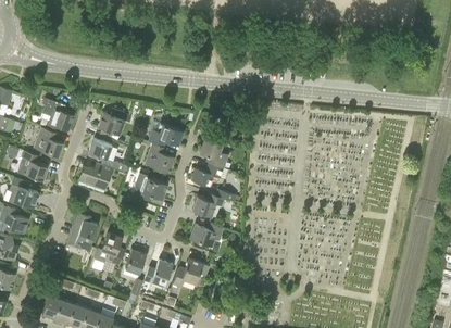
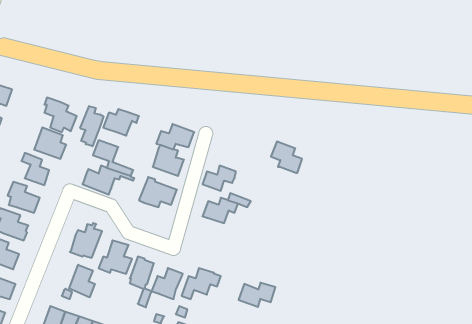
building: none -> [80,106,103,146]
building: [199,139,228,168] -> [271,142,302,173]
building: [189,224,224,247] -> [239,283,275,307]
building: none -> [69,265,95,297]

